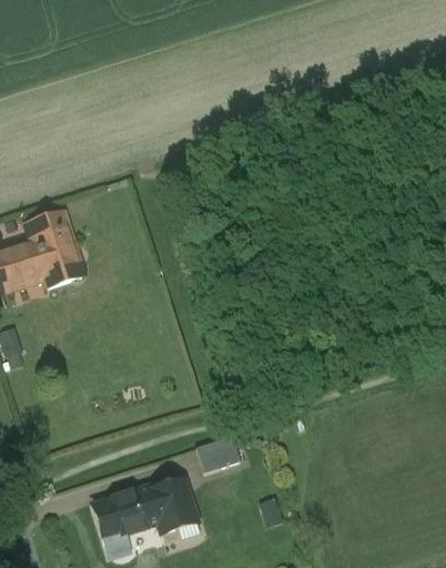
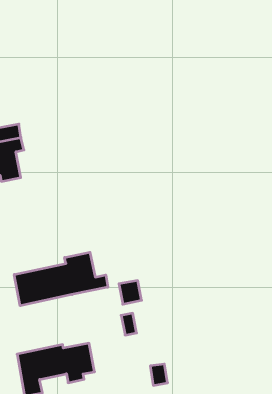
building: none -> [14,252,108,306]
building: [197,439,229,471] -> [119,281,142,304]

